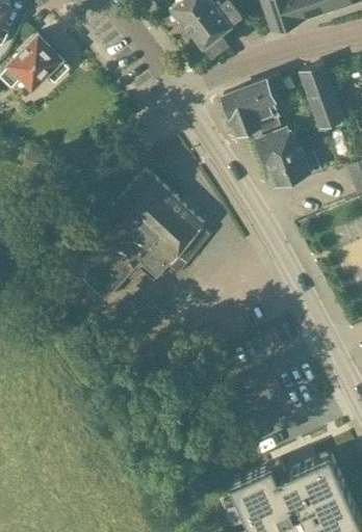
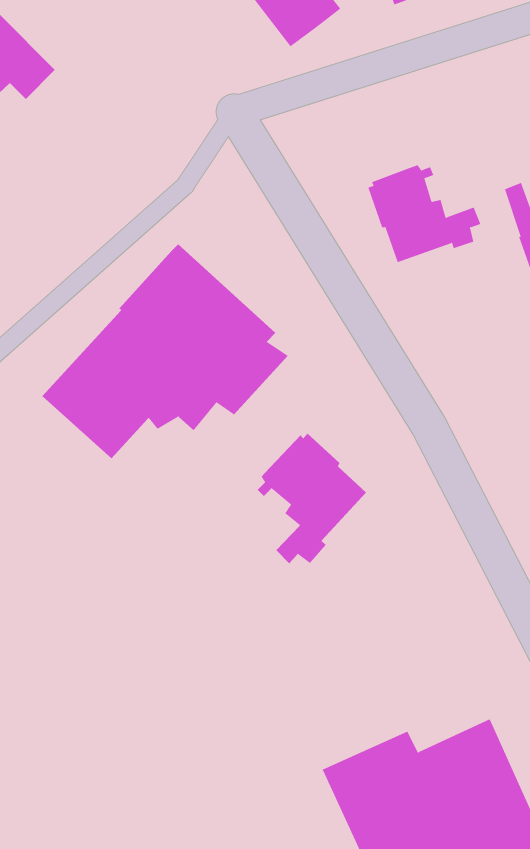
building: [299,63,342,127] -> none
building: [222,75,284,134] -> none
building: none -> [257,433,367,564]

